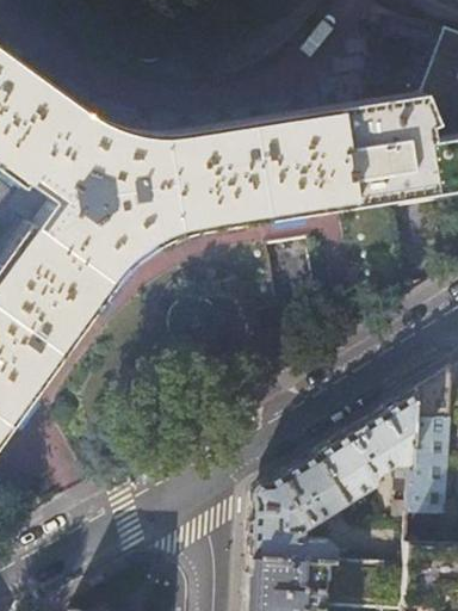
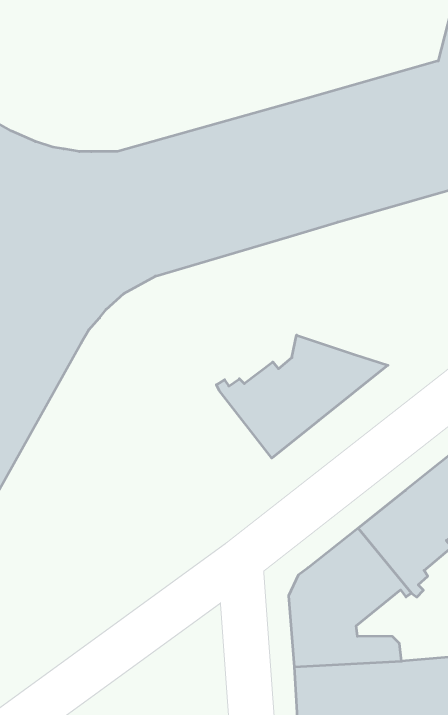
building: none -> [216,335,388,458]

